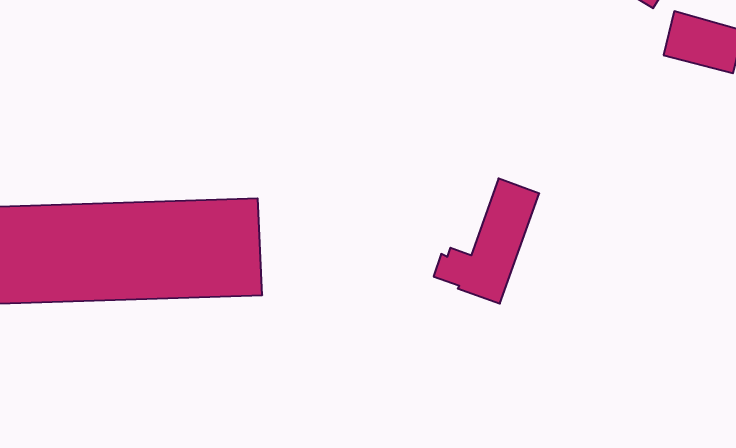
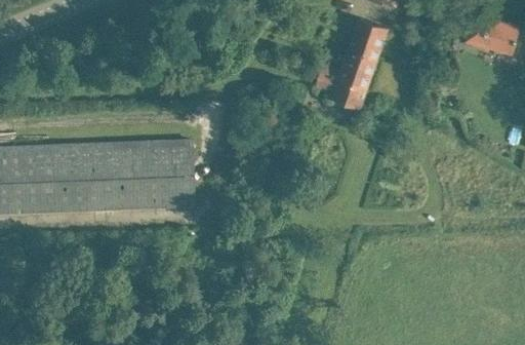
building: [434,178,539,304] -> [316,18,388,104]

